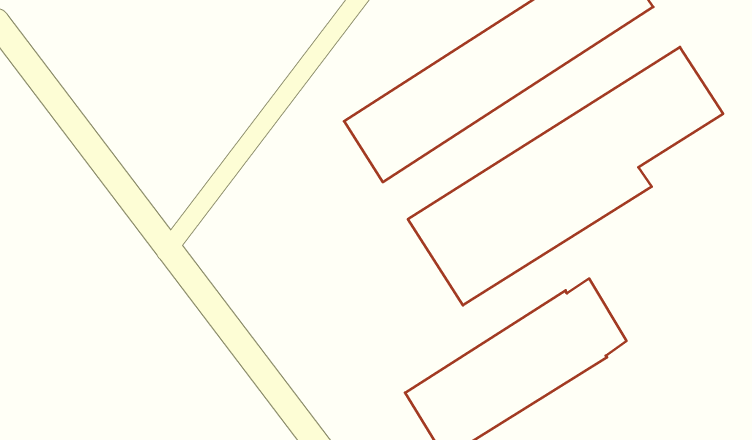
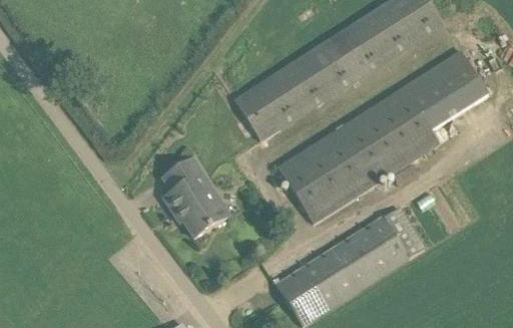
building: none -> [162,158,228,238]

